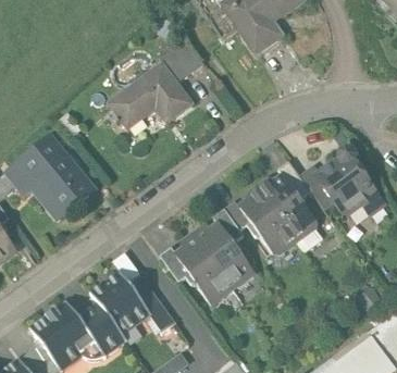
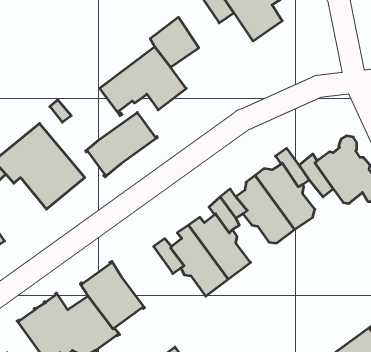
building: none -> [86,112,157,177]
building: [128,273,176,331] -> none

